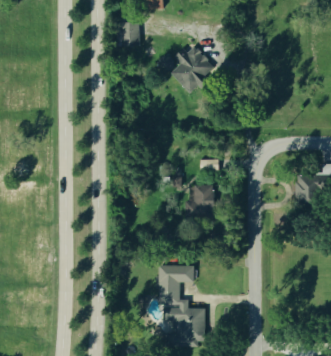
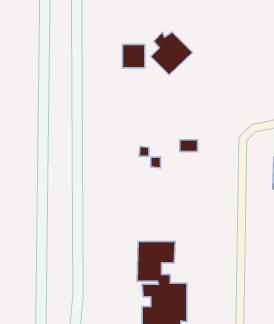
building: [116,22,139,46] -> [123,45,145,68]
building: [185,184,214,218] -> none

